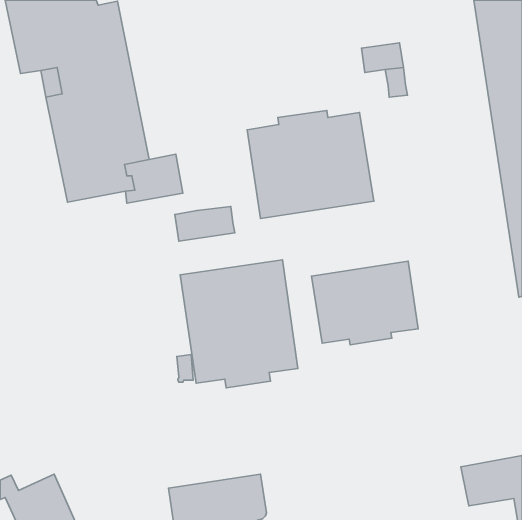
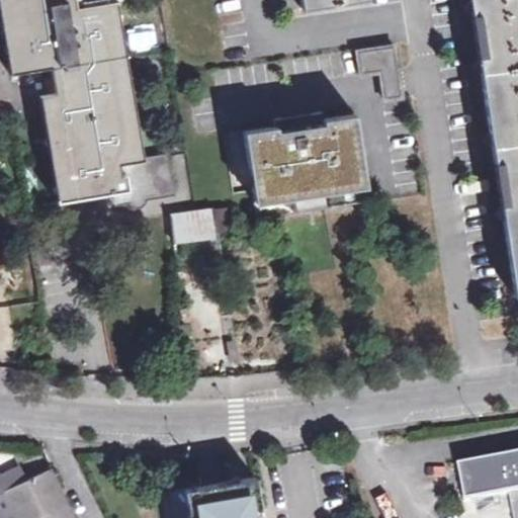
building: [180,260,298,388] -> none
building: [312,261,418,345] -> none

